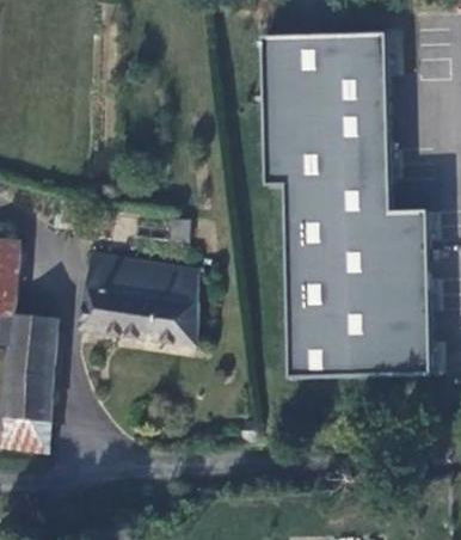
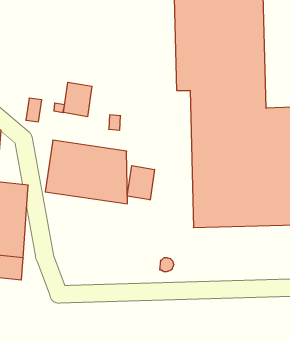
building: none -> [64,82,92,117]
building: none -> [127,166,154,200]

